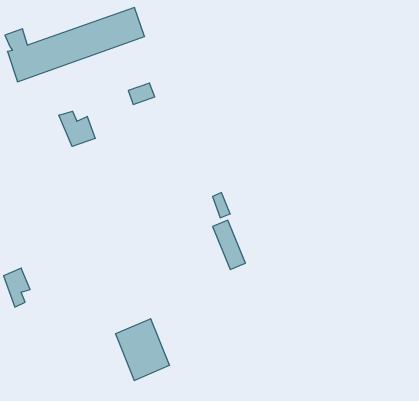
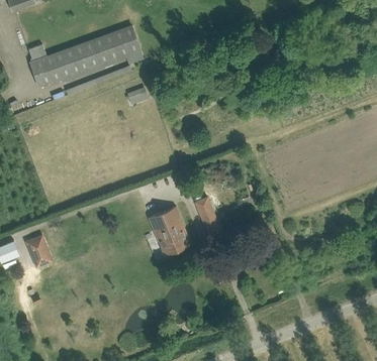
building: [59,111,95,146] -> none
building: [115,319,170,380] -> [149,207,192,256]

